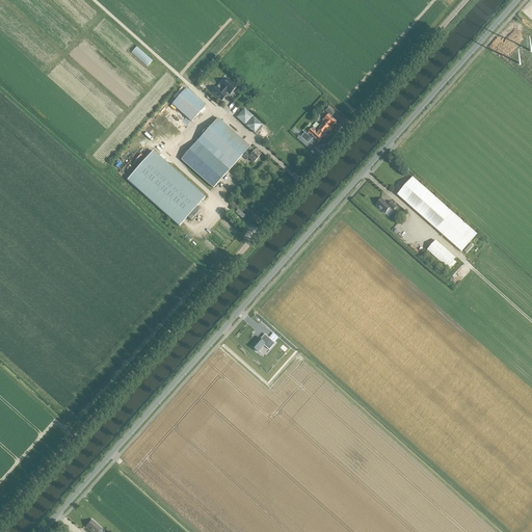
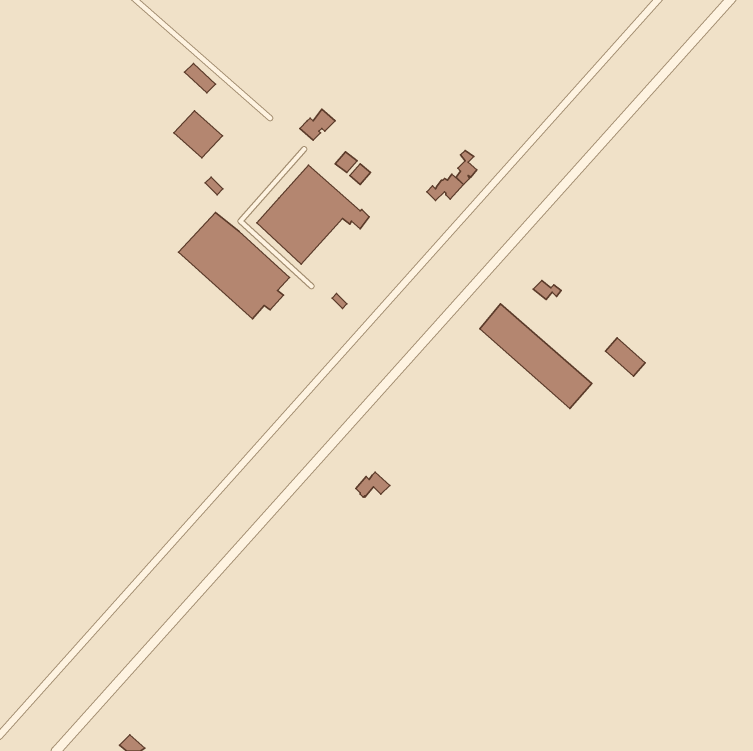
building: [170,86,205,119] -> [174,111,222,158]
building: [397,176,476,249] -> [480,304,592,408]

